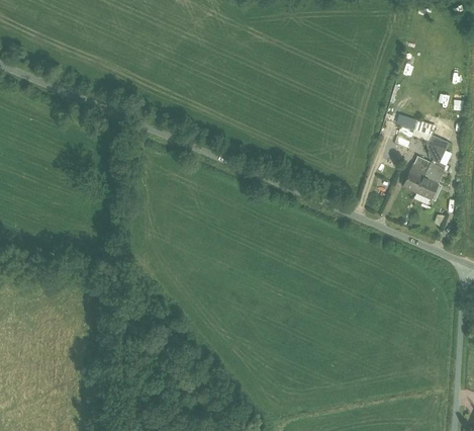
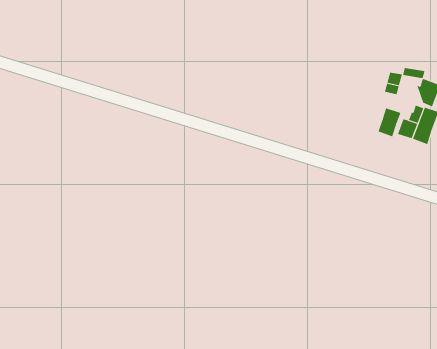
building: none -> [378,107,401,137]

